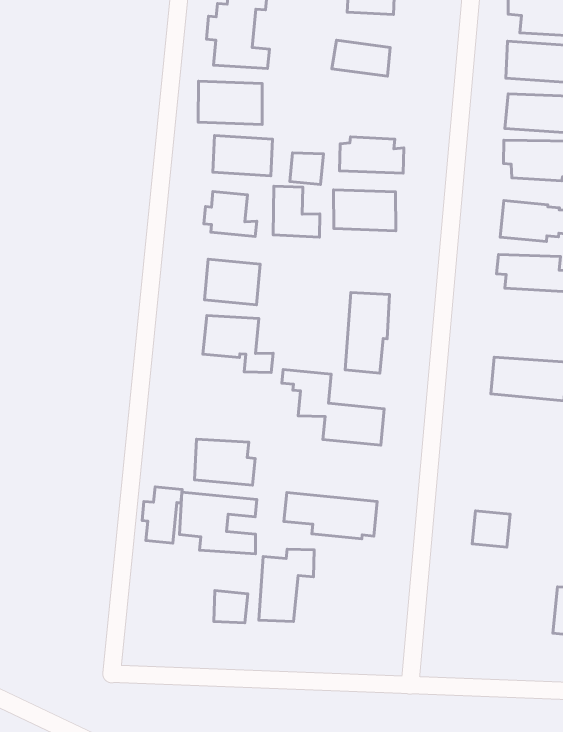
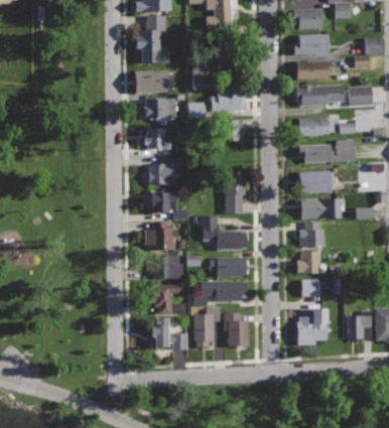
building: [273,186,320,237] -> [192,63,219,90]
building: none -> [300,171,332,193]
building: none -> [152,221,179,251]
building: none -> [300,223,325,247]
building: none -> [210,258,249,277]
building: none -> [296,251,328,275]
building: [142,487,182,543] -> [152,318,171,346]
building: none -> [223,311,250,346]
building: none -> [296,307,331,345]

